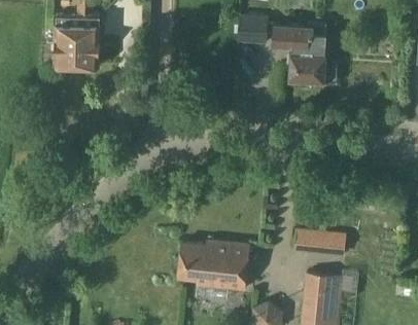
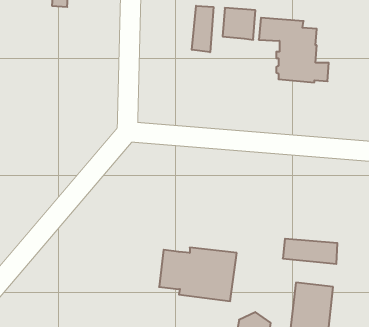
building: none -> [192,6,213,52]
building: [55,16,100,68] -> none

